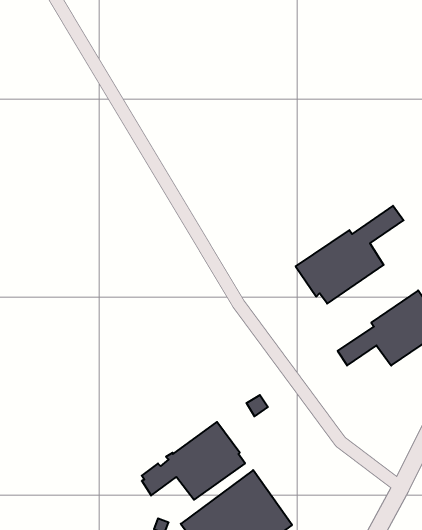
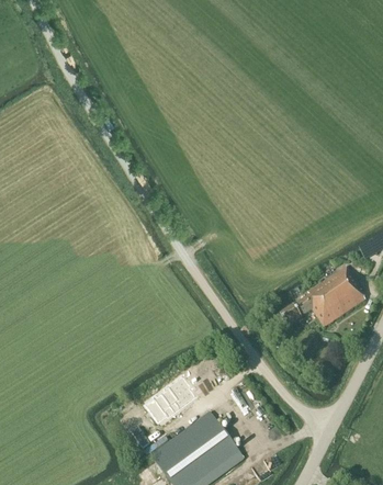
building: [296,206,404,304] -> none

